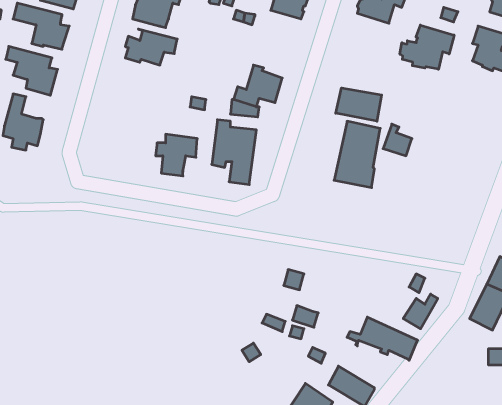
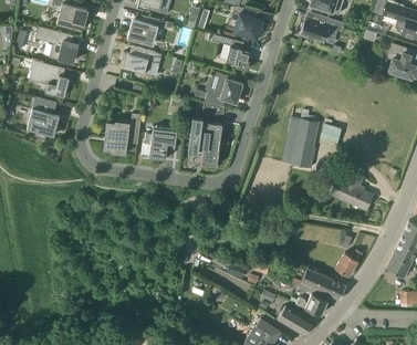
building: none -> [226,39,250,71]
building: [400,25,454,69] -> none
building: [336,88,382,121] -> none
building: none -> [104,113,142,155]
building: none -> [332,172,373,210]
building: none -> [290,285,327,315]

